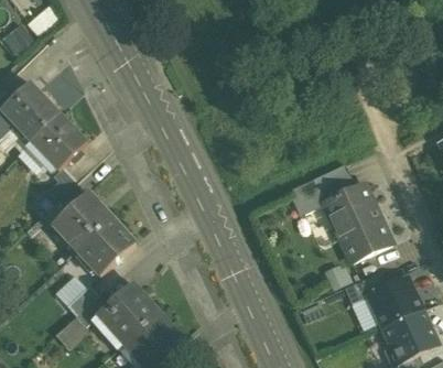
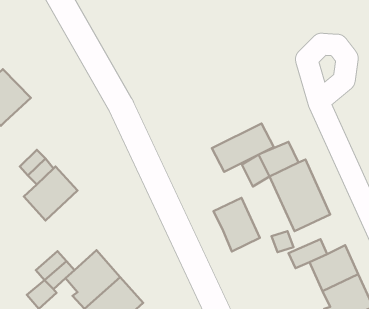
building: [31,115,87,170] -> none
building: none -> [212,123,274,172]
building: [76,217,136,277] -> none
building: none -> [214,198,260,251]

